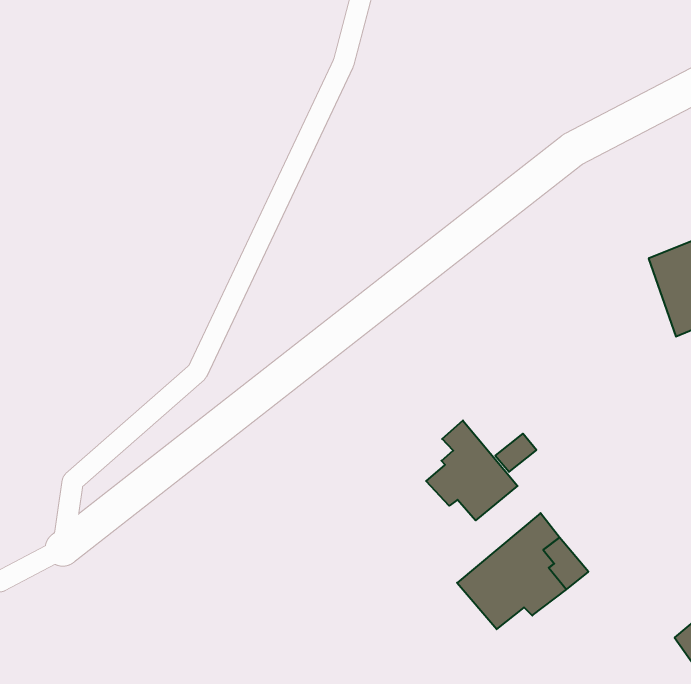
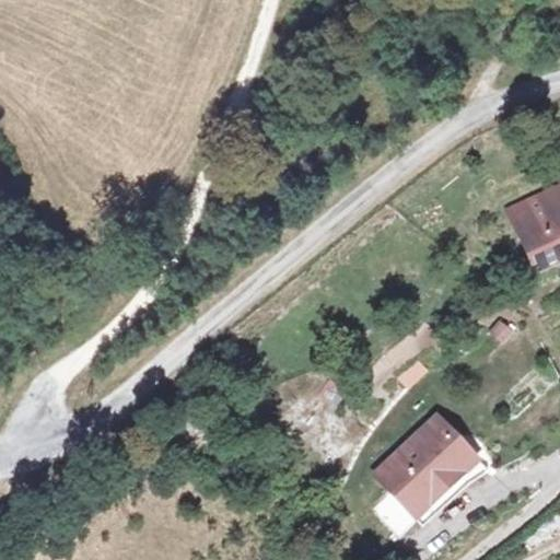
building: [426,420,518,520] -> none
building: none -> [404,471,468,521]

